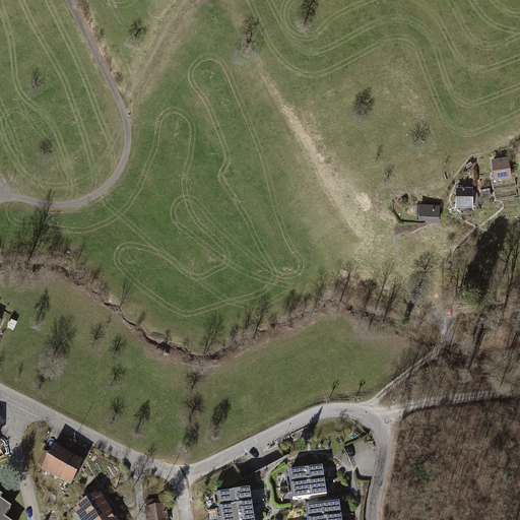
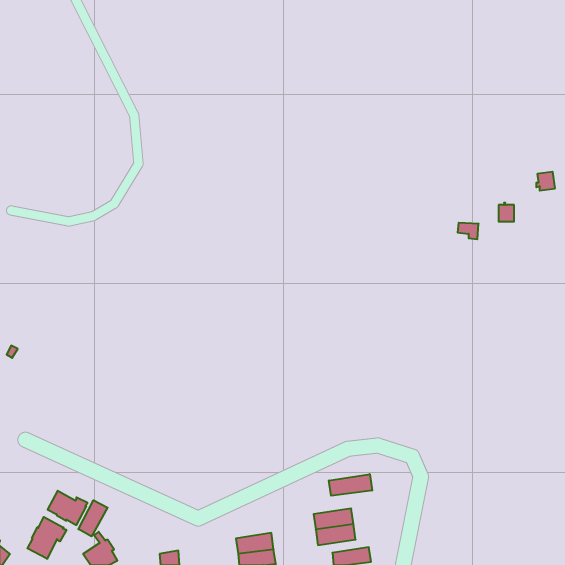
building: none -> [329,474,372,496]
building: none -> [78,500,108,536]
building: none -> [27,517,66,559]

